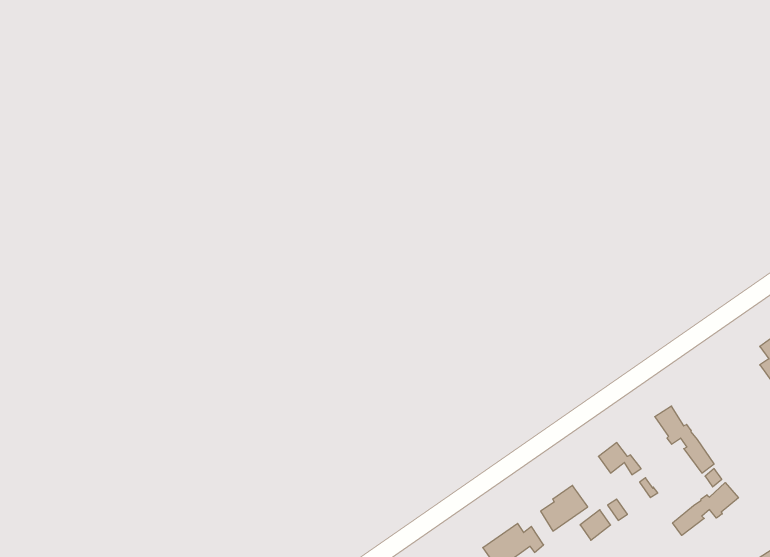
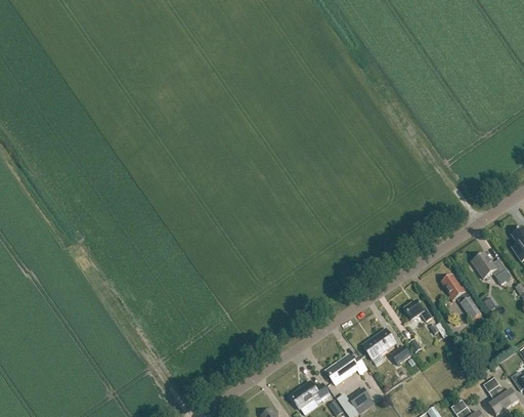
building: none -> [472,252,511,285]
building: [673,483,738,535] -> none

